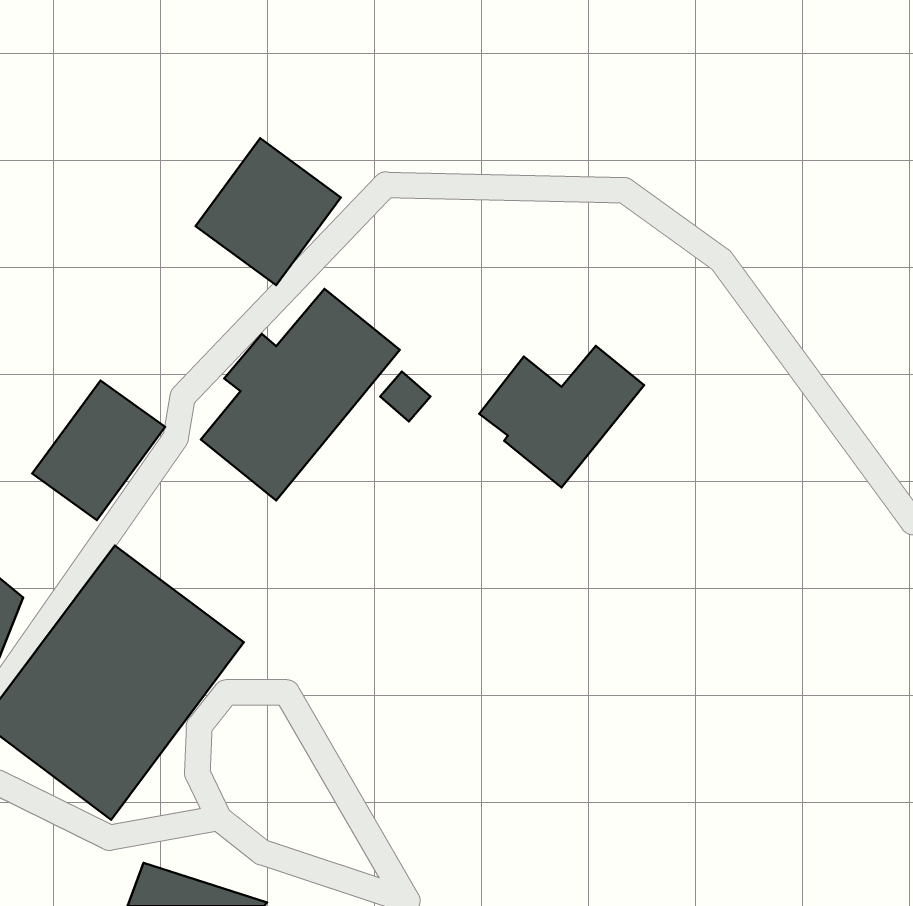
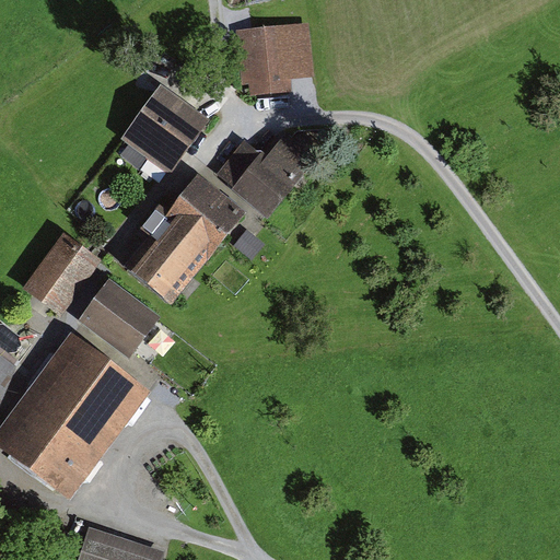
building: none -> [233,21,315,93]
building: [479,346,644,487] -> [214,132,315,219]
building: none -> [72,280,156,362]

